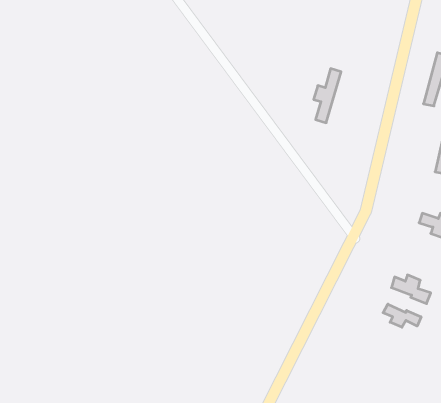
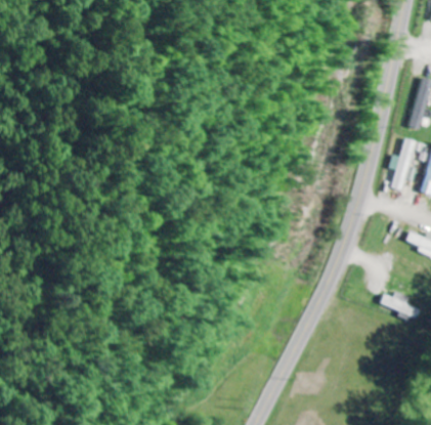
building: [314,69,341,123] -> [389,138,416,190]
building: [383,304,421,327] -> none

